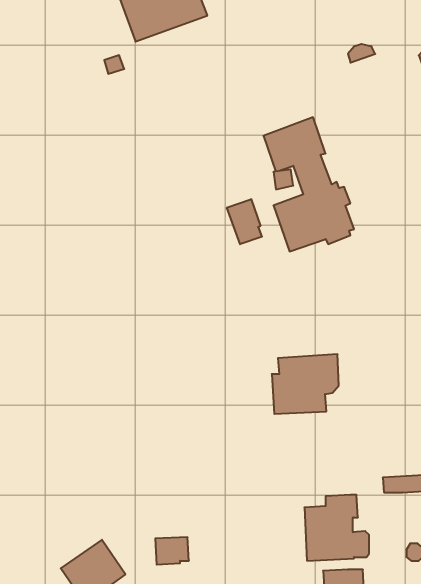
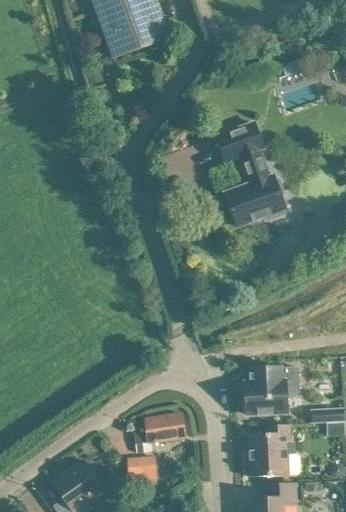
building: [227,199,262,244] -> none
building: [272,354,339,414] -> [245,366,299,414]
building: none -> [133,413,185,455]

